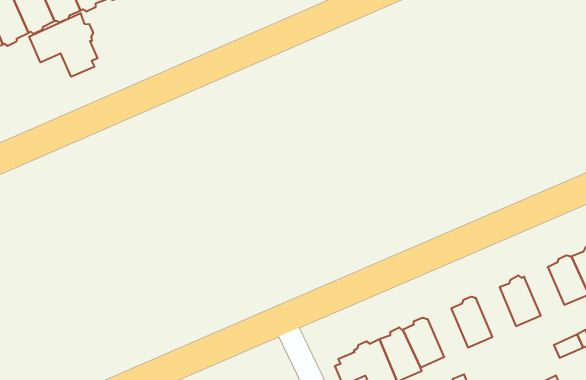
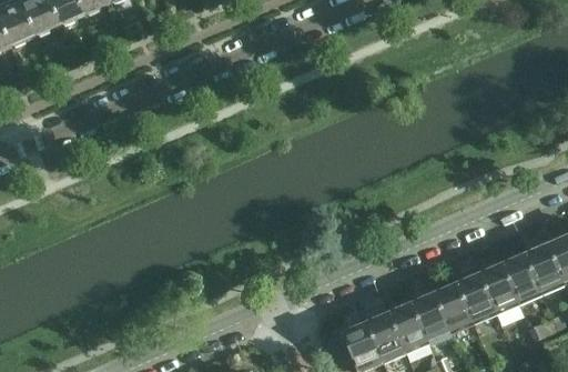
building: [29,13,98,77] -> none
building: none -> [503,254,540,301]
building: none -> [457,273,495,321]
building: none -> [412,293,449,340]

